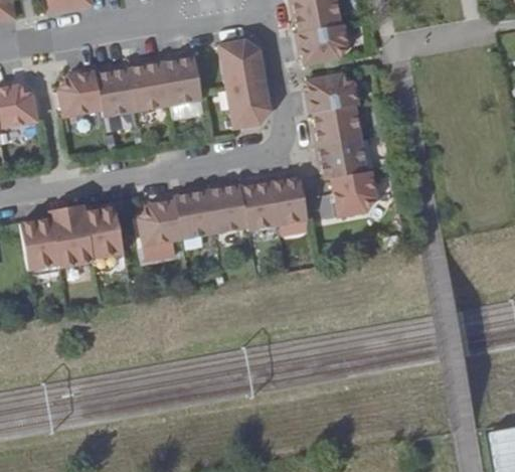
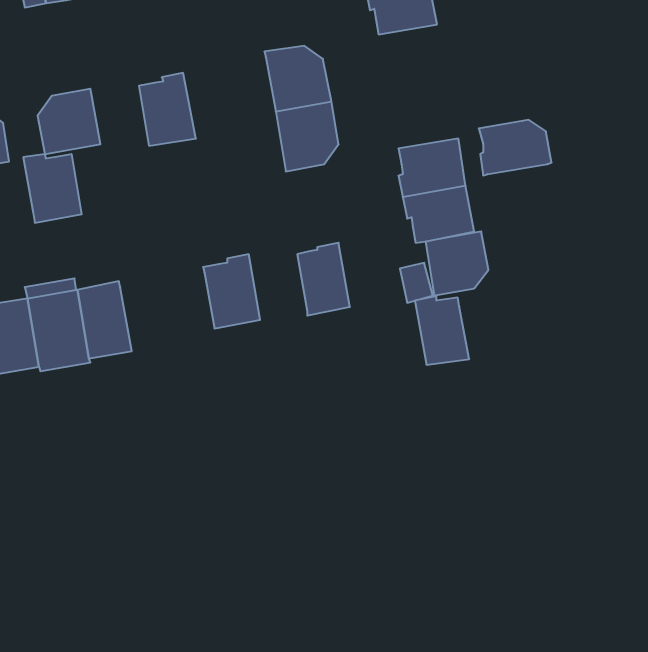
building: [296,24,347,64] -> none
building: [161,56,202,106] -> none
building: [96,68,137,117] -> [23,154,82,223]
building: [307,74,358,114] -> [479,120,552,175]
building: [271,176,309,224] -> [415,296,469,365]
building: [207,184,248,233] -> none
building: [139,200,183,247] -> none

